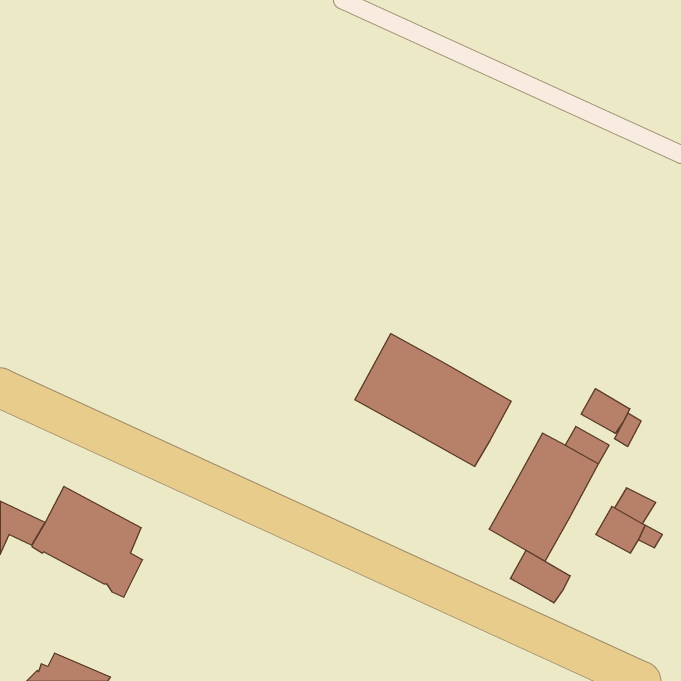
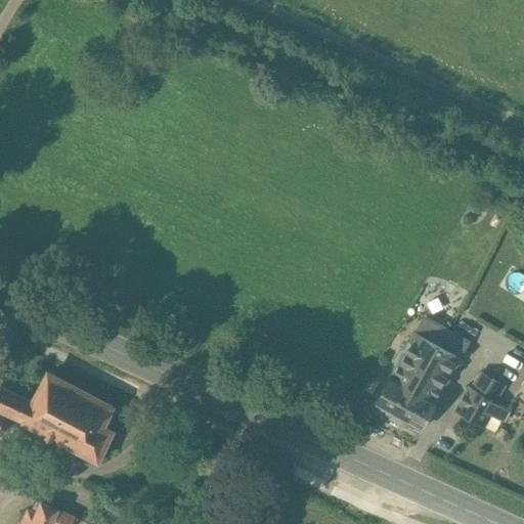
building: [355,334,511,466] -> none
building: [581,389,630,433] -> none
building: [510,550,570,603] -> none

